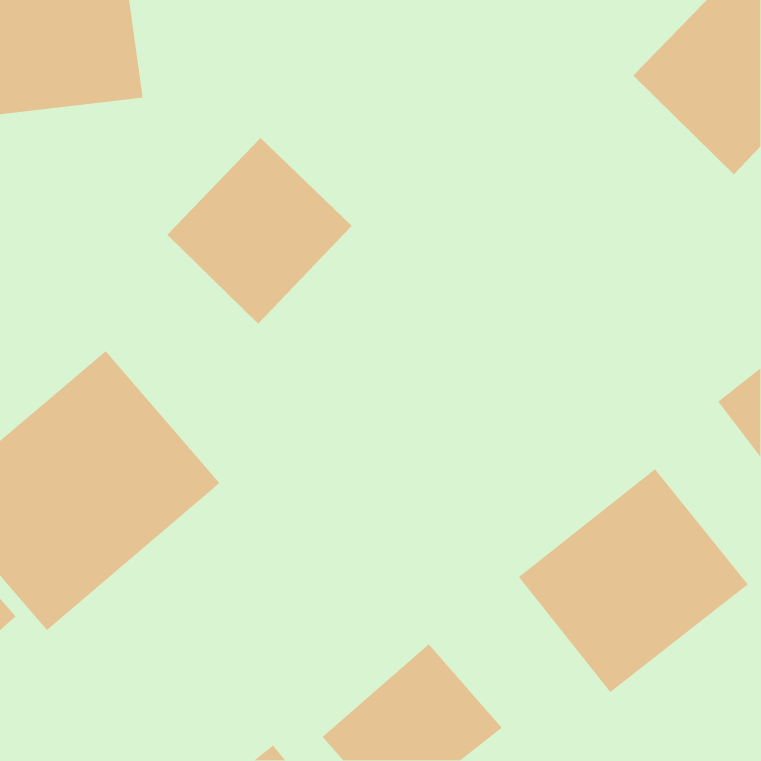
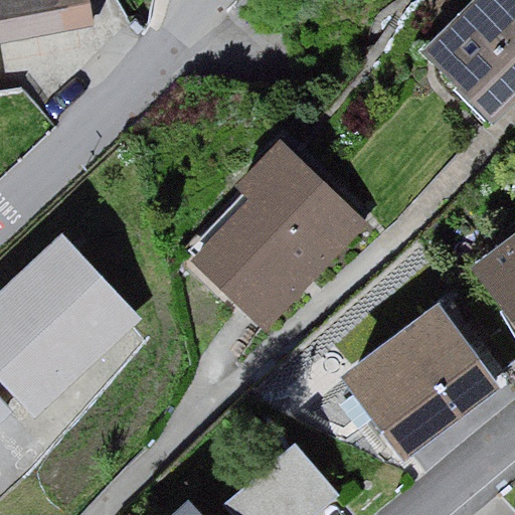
building: [166,137,352,325] -> none
building: none -> [184,149,362,327]

